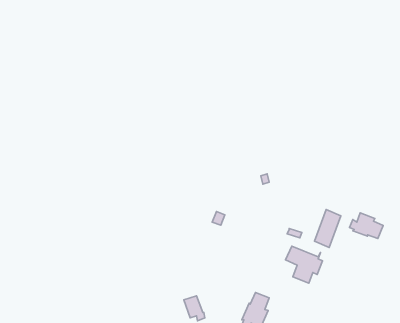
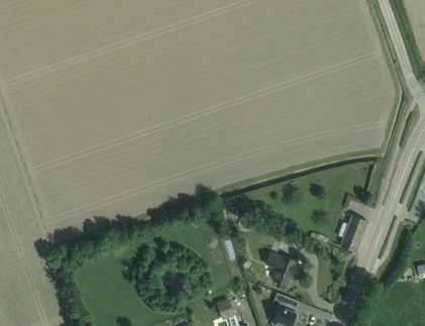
building: [350,213,383,238] -> none
building: [286,246,322,283] -> [264,251,300,287]

